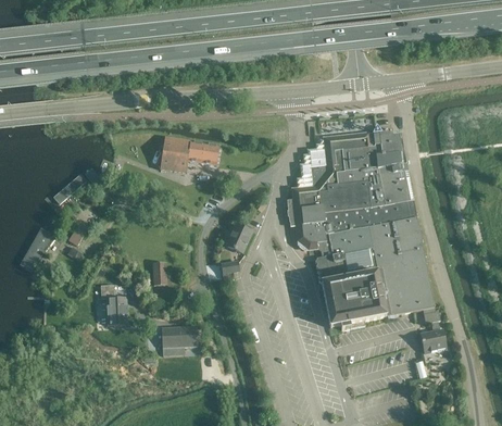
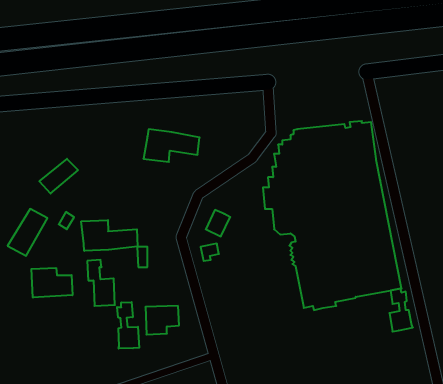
building: none -> [81,220,138,251]
building: none -> [31,268,72,298]
building: none -> [117,302,139,349]

